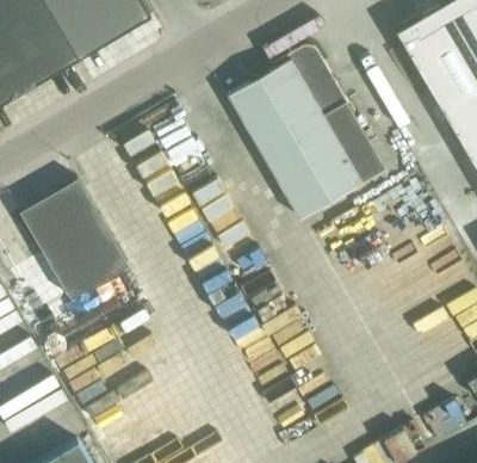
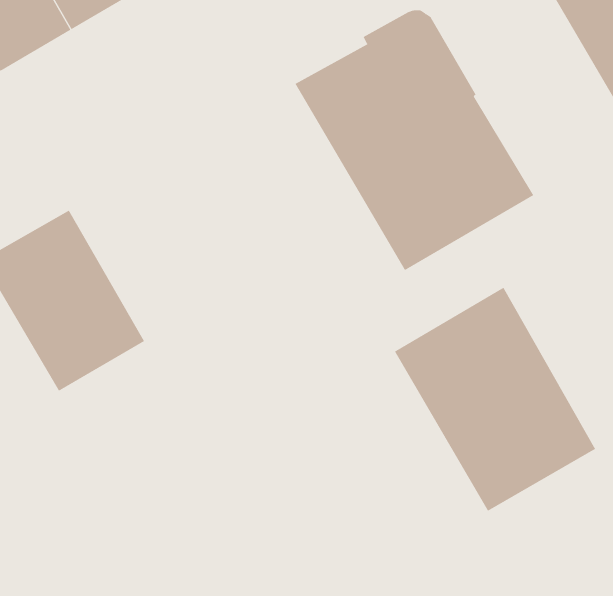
building: none -> [394,287,596,511]

